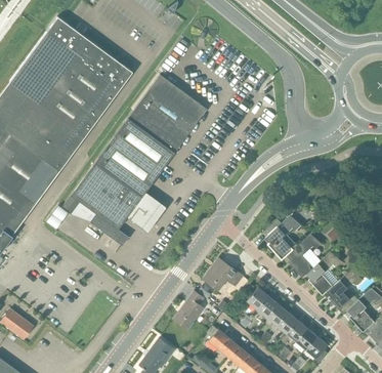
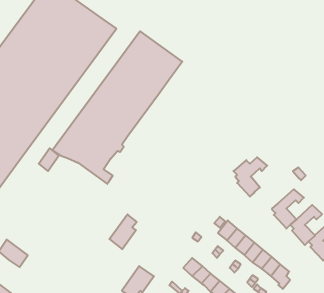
building: [126,193,165,234] -> none
building: [287,234,323,279] -> none
building: [203,258,244,290] -> none
building: [174,291,205,330] -> [109,214,137,249]

